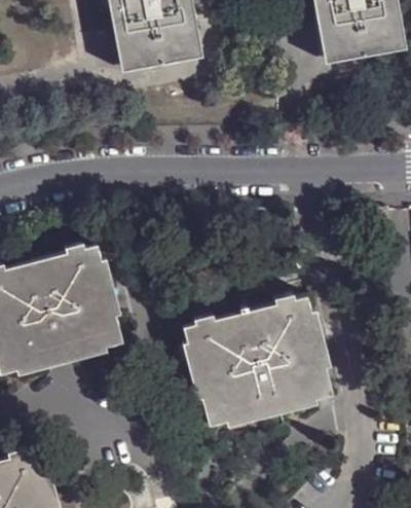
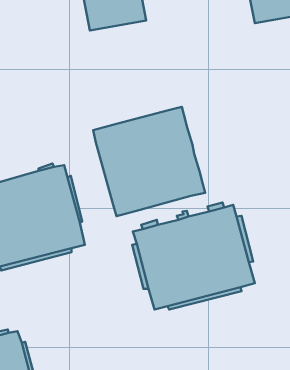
building: none -> [93,107,205,216]

